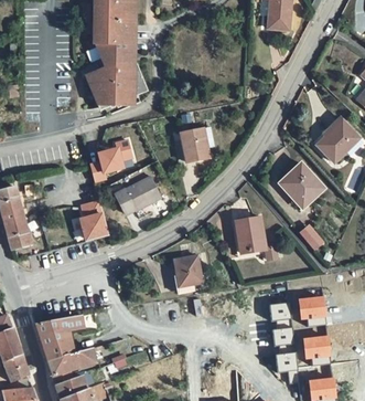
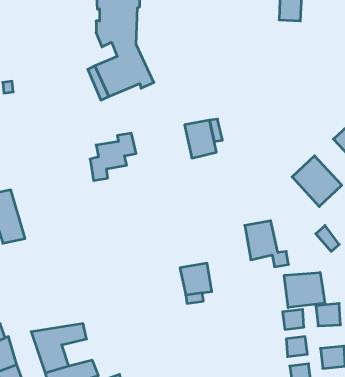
building: [112,171,160,211] -> none
building: [76,198,107,240] -> none
building: none -> [284,272,325,308]

